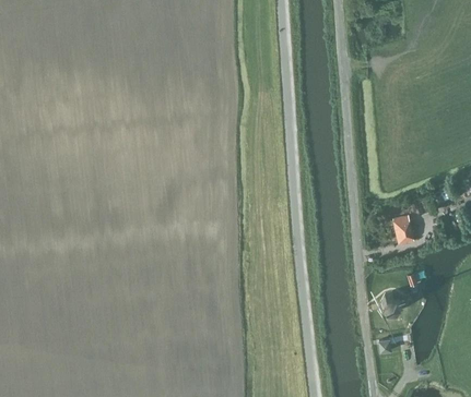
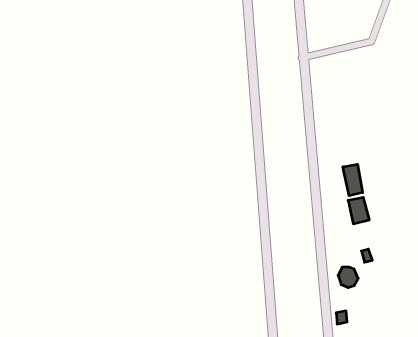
building: none -> [343,164,363,196]

